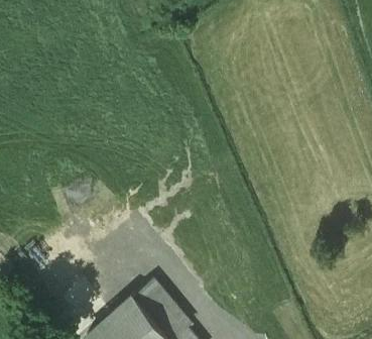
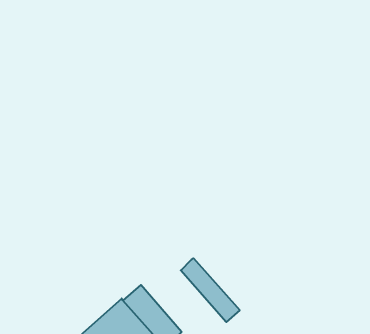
building: none -> [181,258,240,322]

